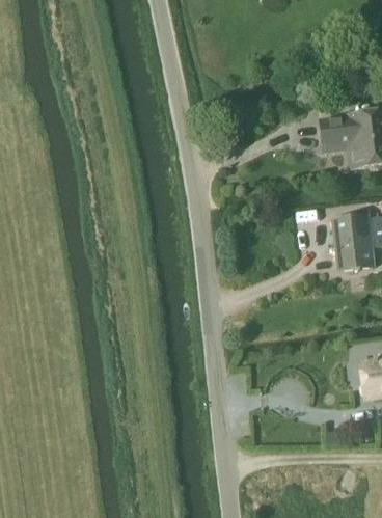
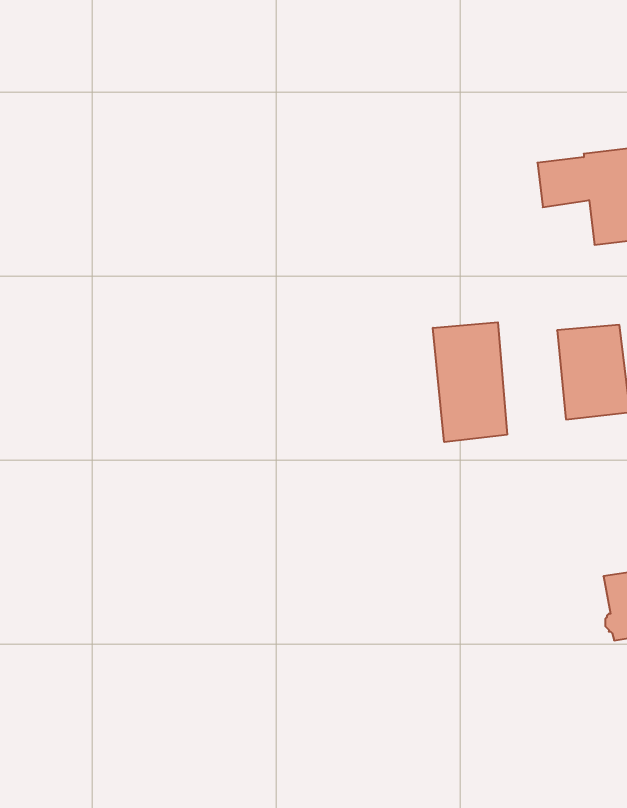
building: none -> [433,322,507,442]

